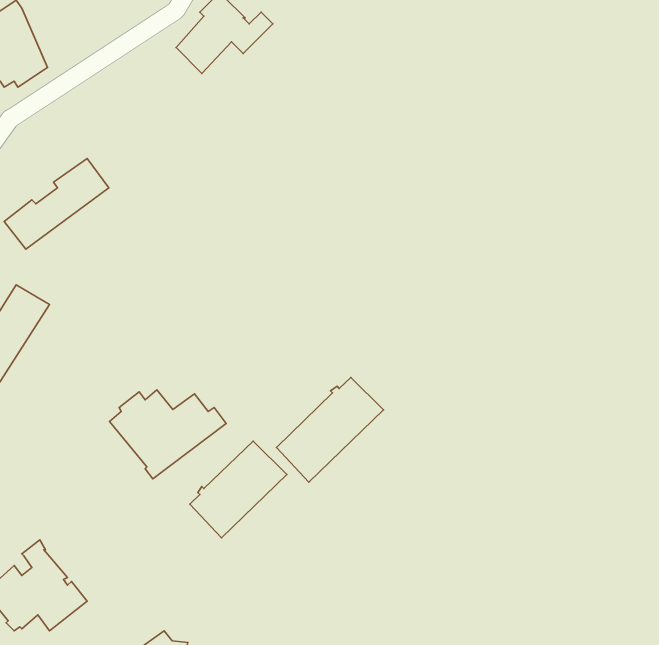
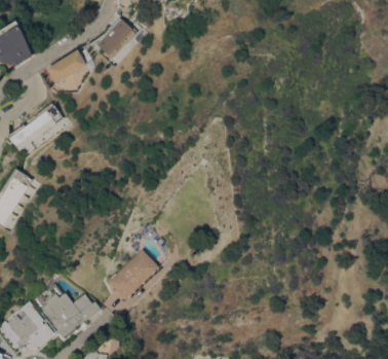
building: none -> [48,50,87,84]
building: [276,377,383,482] -> none
building: [109,390,226,479] -> [38,292,99,338]

